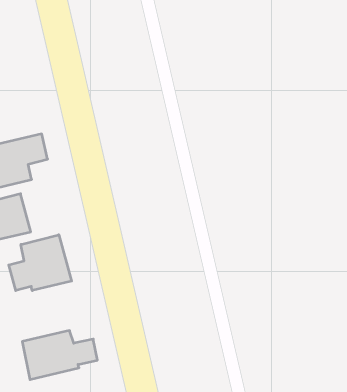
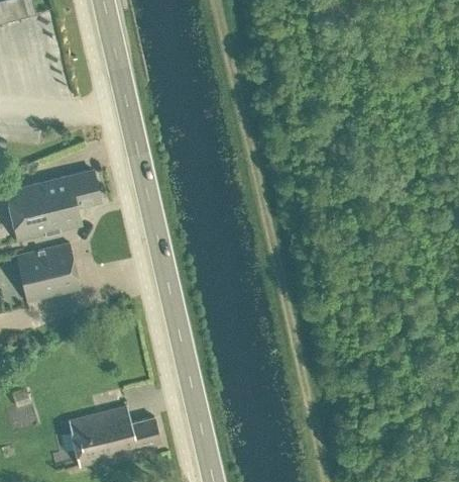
building: [9,235,72,291] -> none

